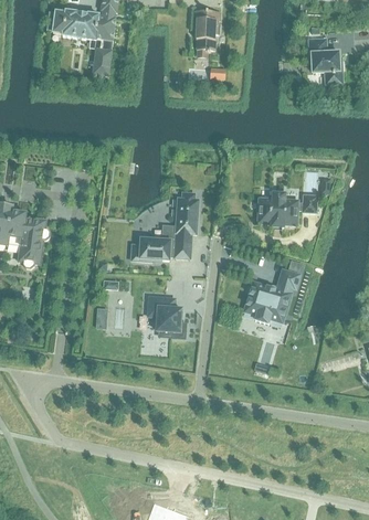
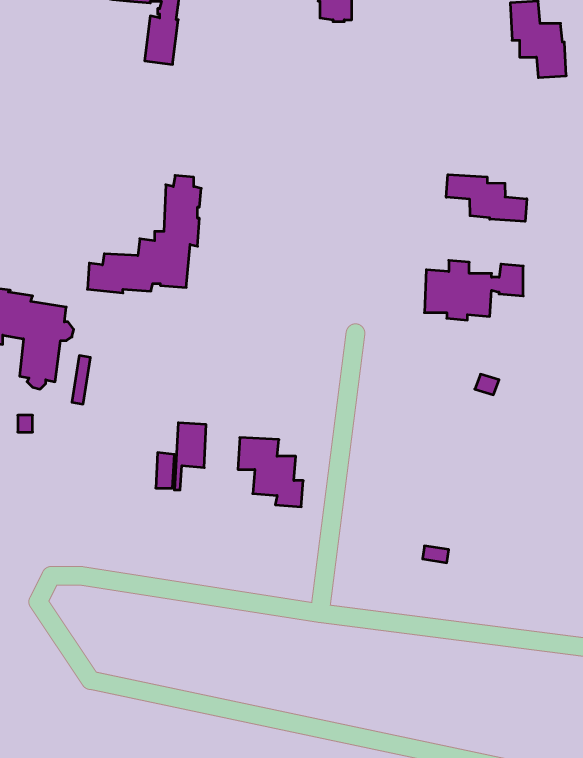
building: none -> [446,175,527,221]
building: [130,191,198,261] -> [87,175,201,293]
building: [244,269,298,322] -> none

